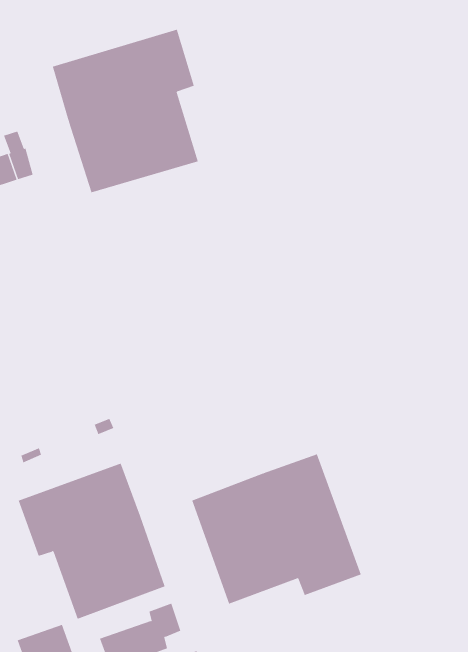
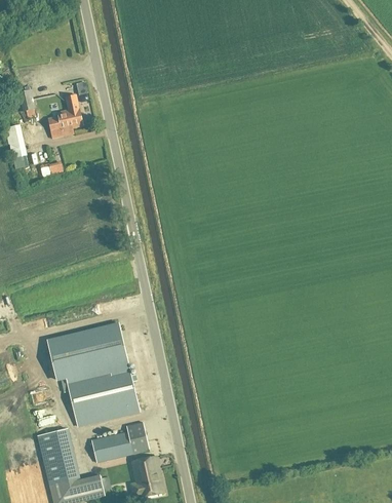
building: [52,29,198,193] -> none
building: [192,454,361,604] -> none

